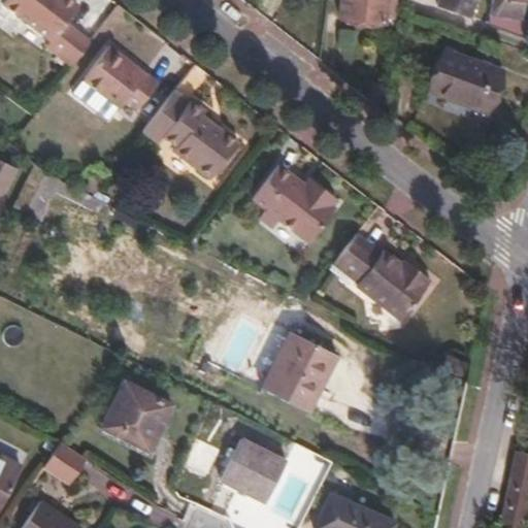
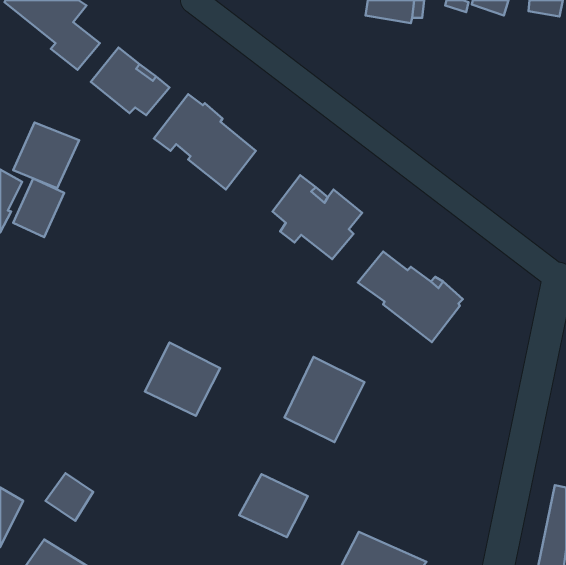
building: [432,51,501,111] -> none
building: none -> [13,123,79,188]
building: [104,383,174,451] -> [145,343,220,416]

